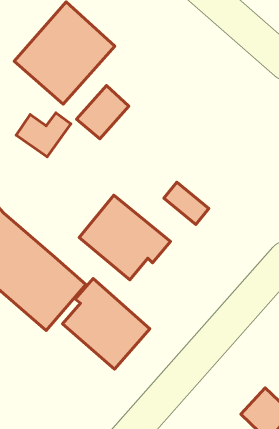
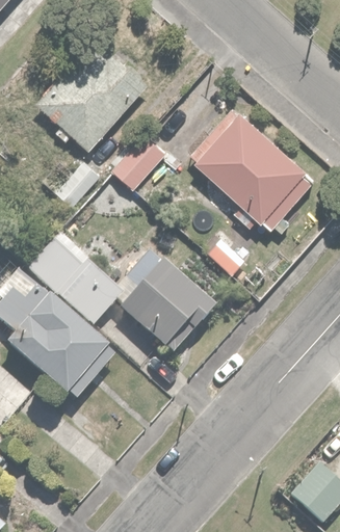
building: none -> [188,105,315,230]
building: none -> [28,236,113,319]
building: [62,278,150,369] -> none

